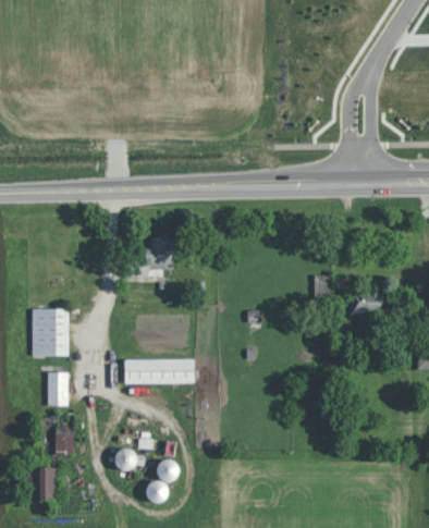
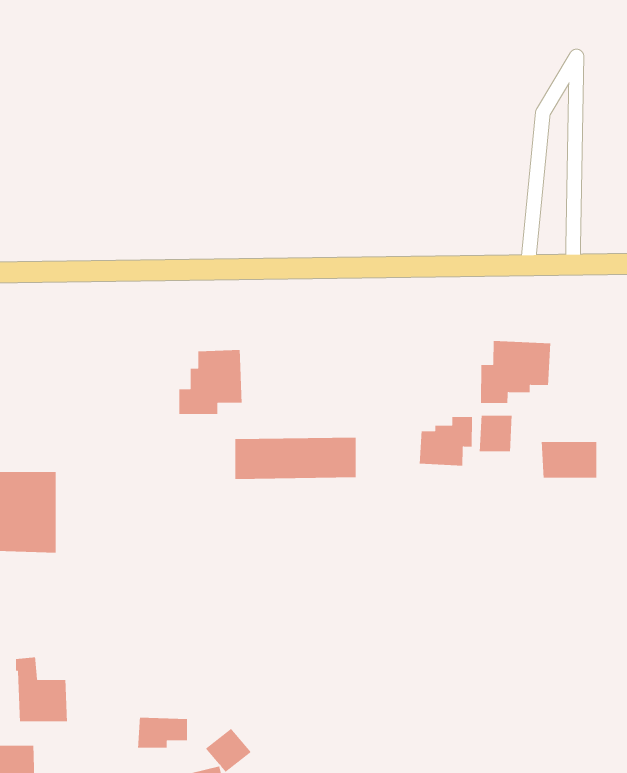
building: none -> [480,340,551,404]
building: none -> [419,416,473,466]
building: [124,359,195,384] -> [235,437,357,480]
building: [48,373,69,406] -> none

